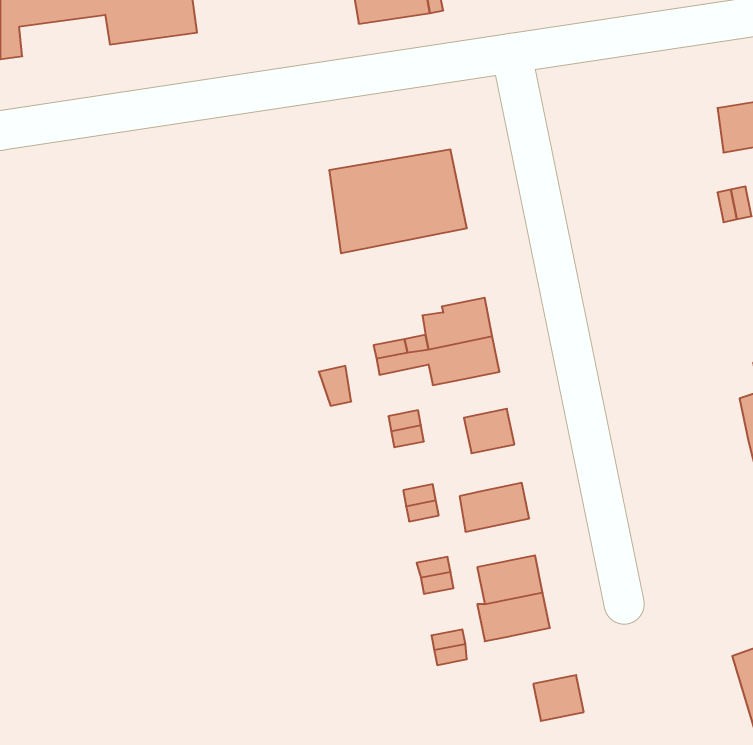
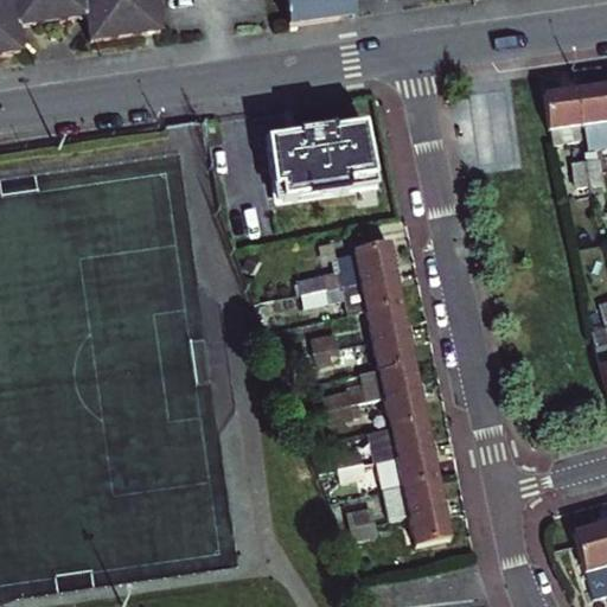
building: none -> [548,87,586,141]
building: none -> [369,298,409,334]
building: none -> [381,356,421,394]
building: none -> [376,415,432,454]
building: [533,675,584,721] -> [409,503,449,539]

